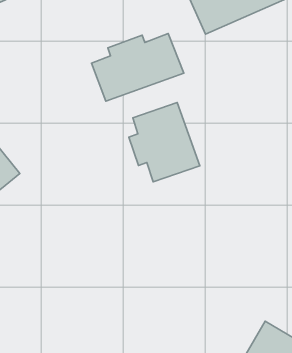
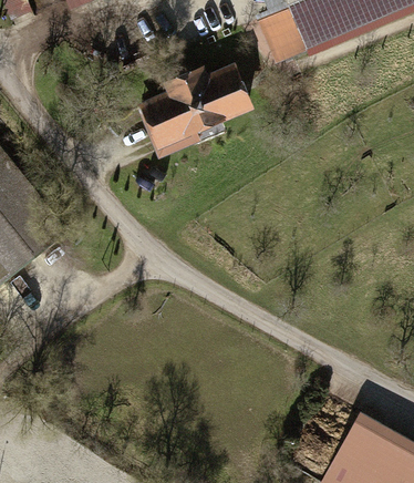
building: [129,103,200,182] -> none

